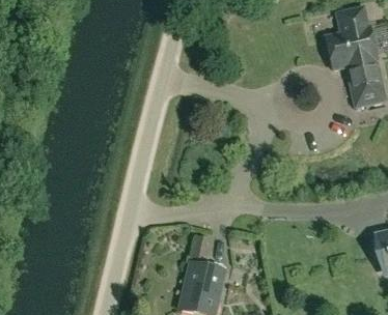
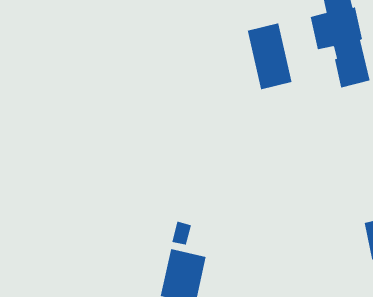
building: none -> [247,22,292,90]

